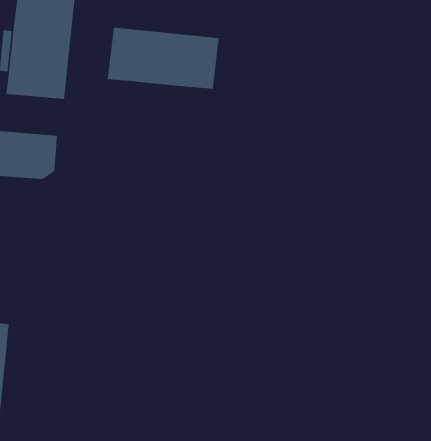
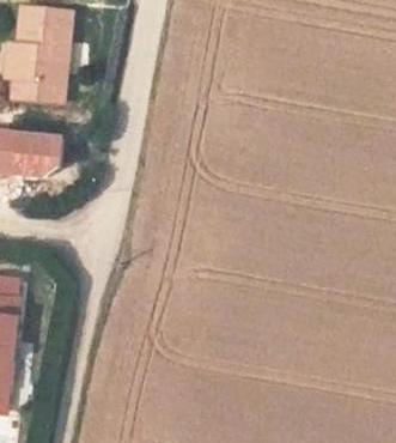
building: [107,27,219,89] -> none

